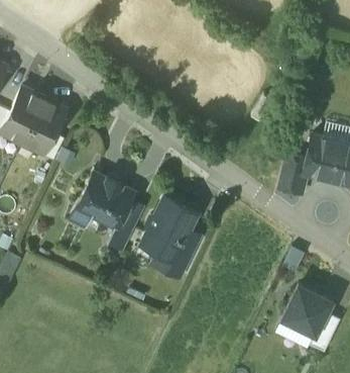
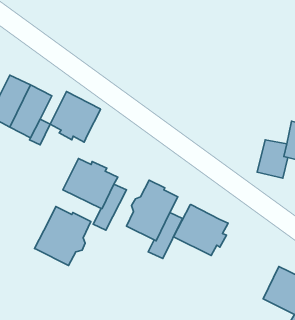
building: none -> [50,91,101,142]
building: none -> [174,205,228,255]
building: none -> [34,207,91,265]

